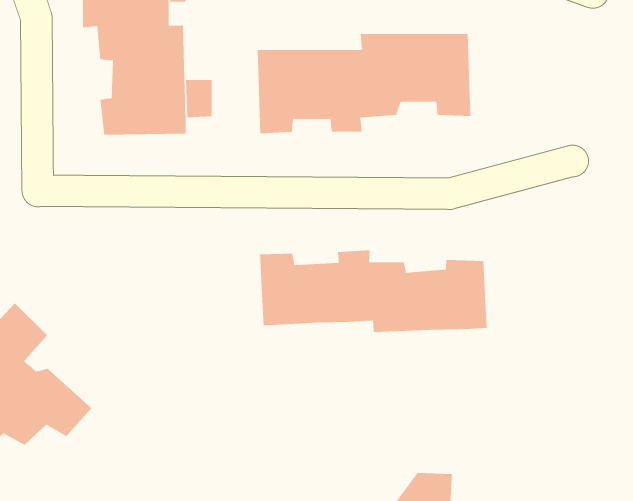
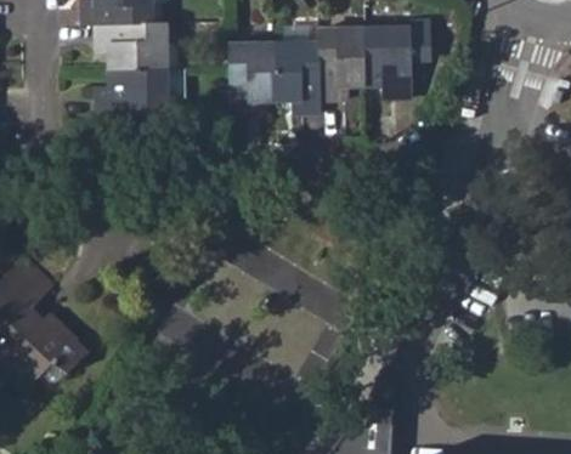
building: [259,250,487,333] -> none

